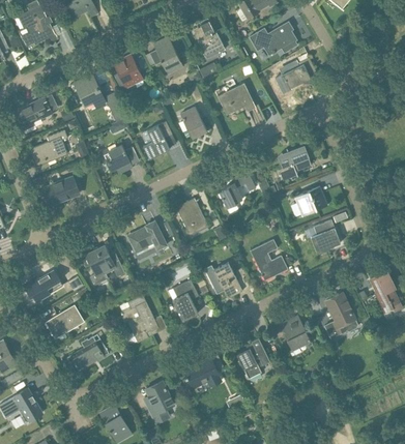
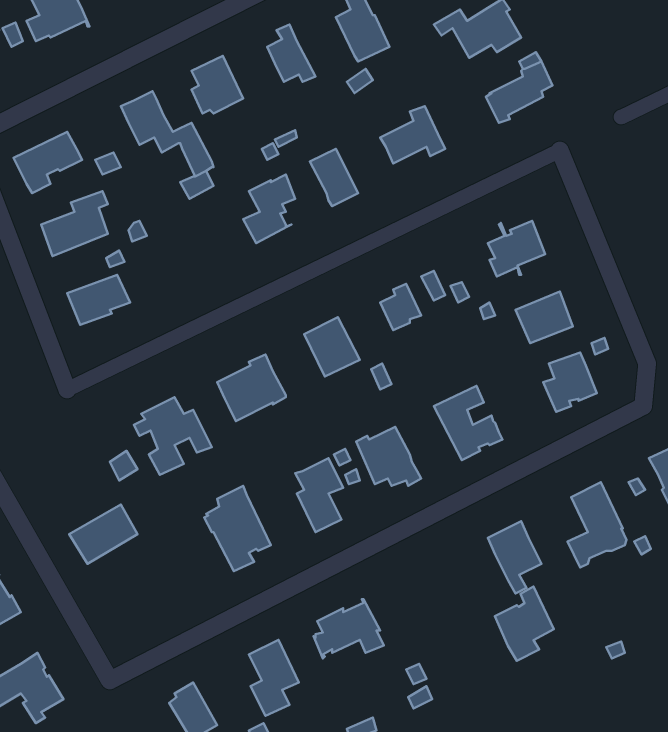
building: [98,145,133,174] -> none
building: [24,270,63,301] -> none
building: [67,336,109,373] -> none
building: [237,337,270,379] -> [495,587,554,661]

